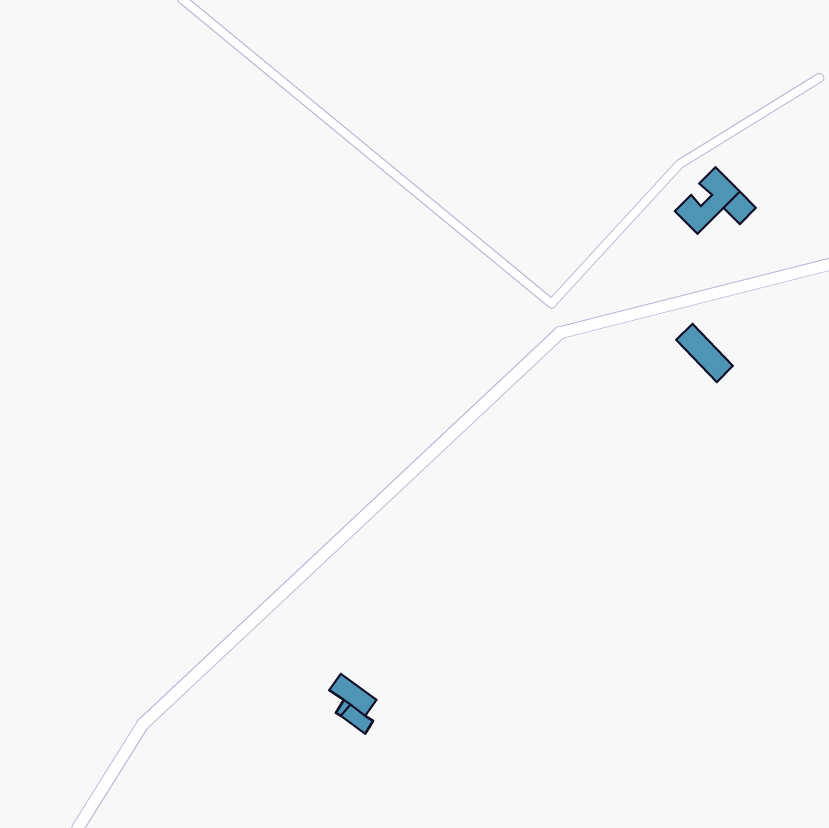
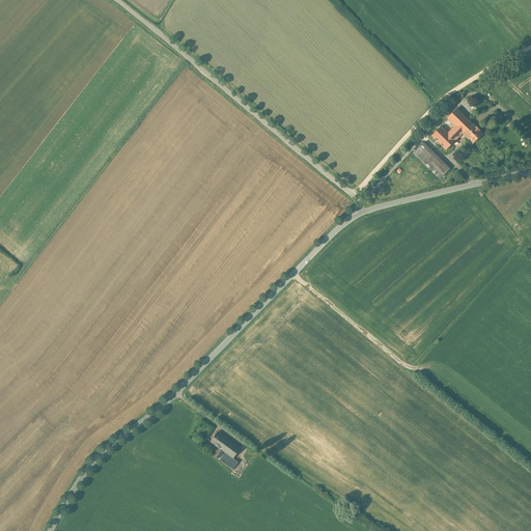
building: [676,324,733,382] -> [414,141,450,178]

